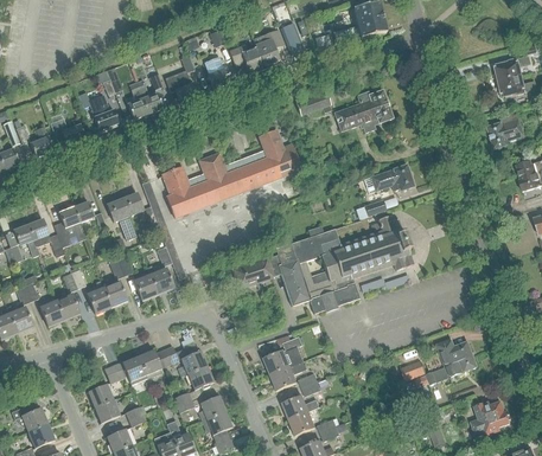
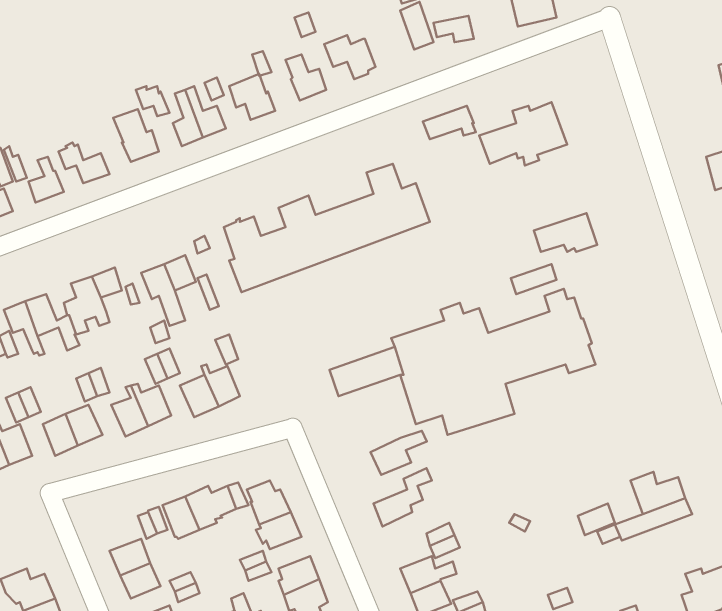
building: [255,30,285,66] -> none
building: [269,361,307,391] -> [371,431,427,475]

